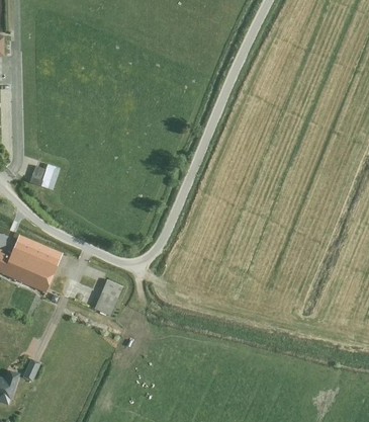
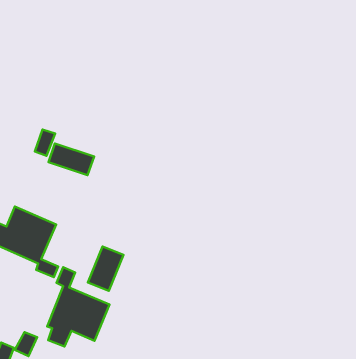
building: none -> [48,143,94,175]
building: none -> [47,267,109,346]

